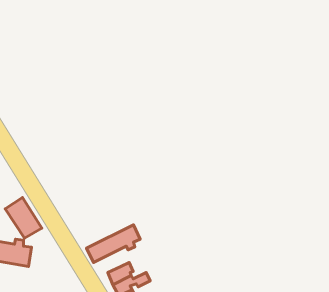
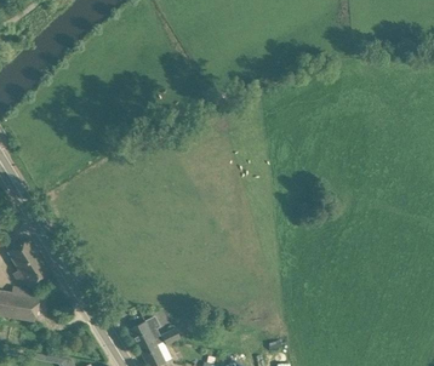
building: [87,225,140,263] -> none

